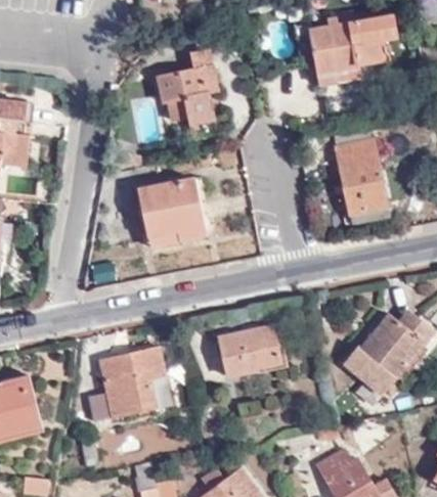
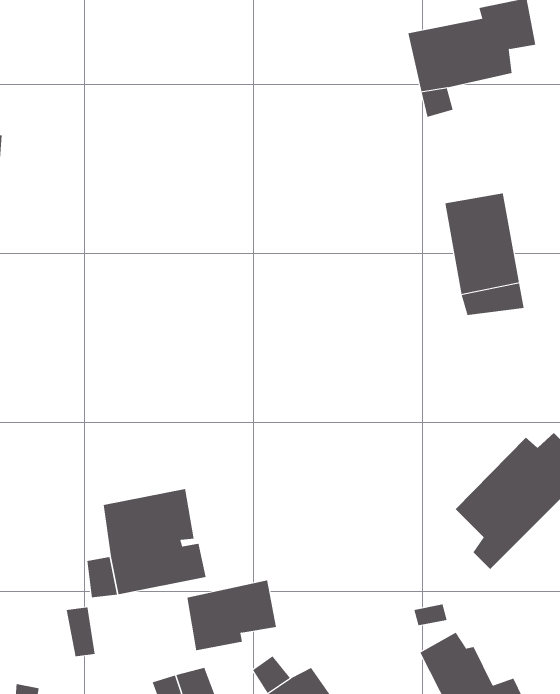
building: [158,47,216,126] -> none
building: [138,180,204,238] -> none
building: [218,327,280,376] -> [187,580,277,651]

